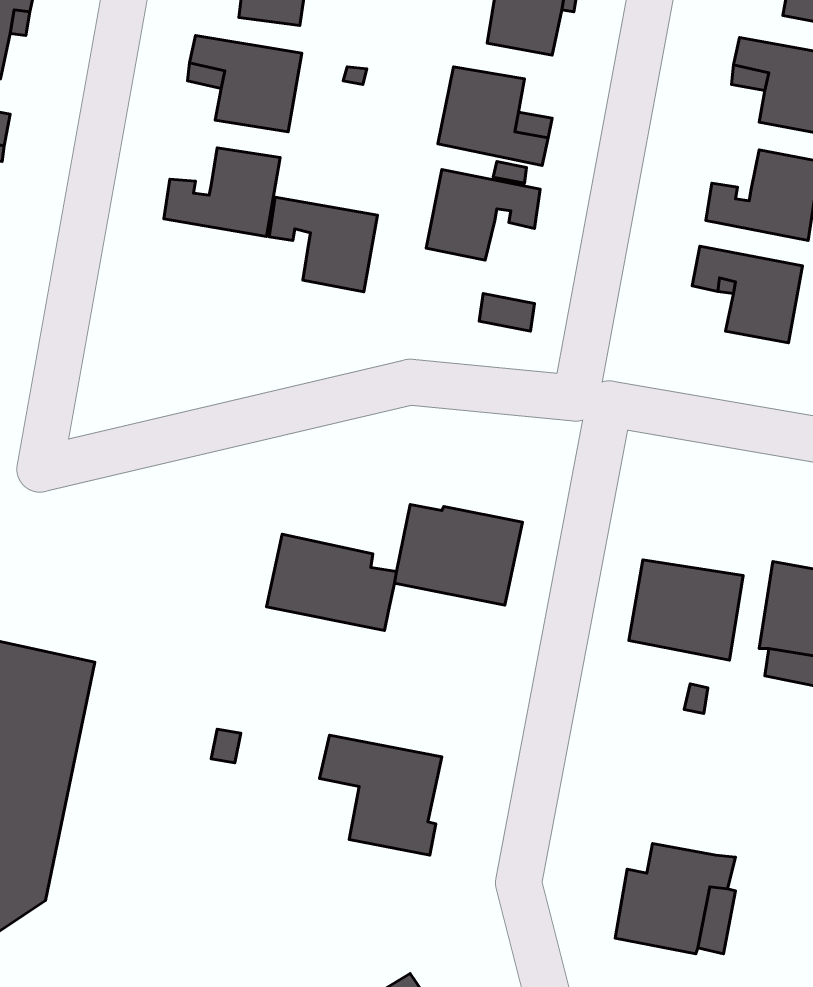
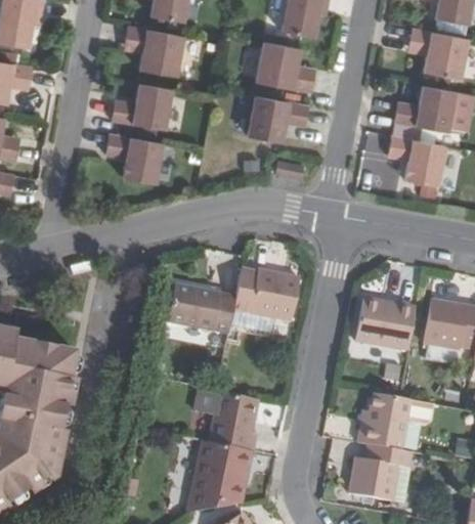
building: [269,197,378,292] -> [109,134,165,183]
building: none -> [356,394,433,451]
building: none -> [187,441,252,515]

